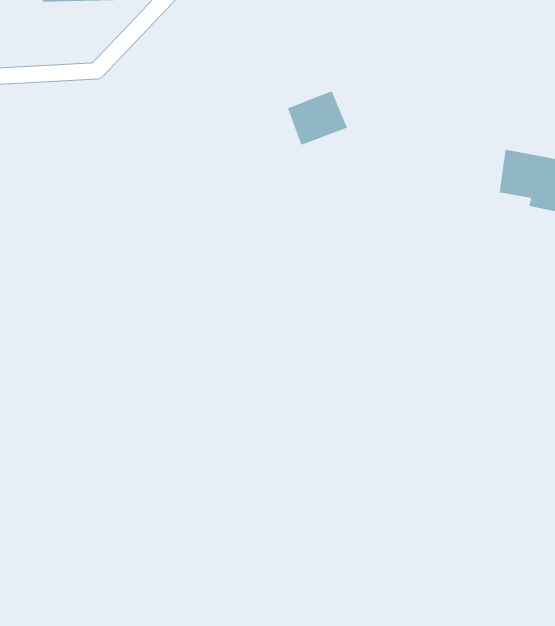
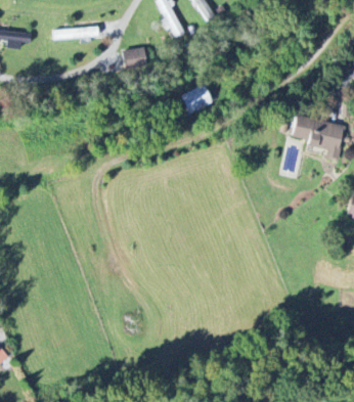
building: none -> [122,48,147,70]

